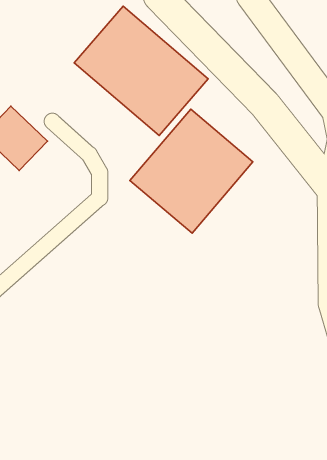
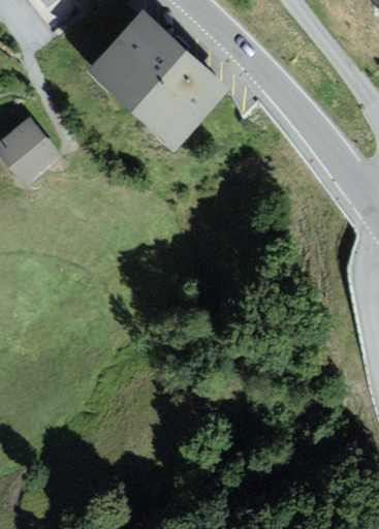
building: [130,109,253,233] -> none

